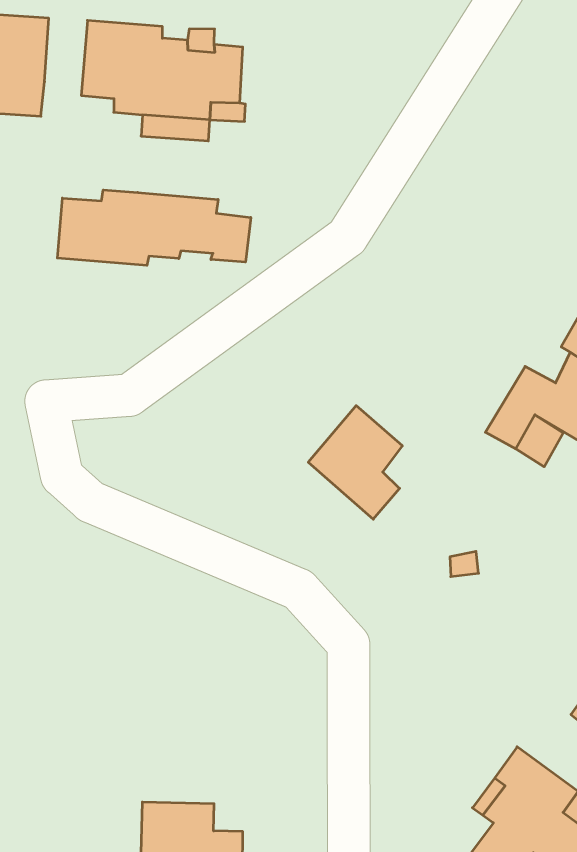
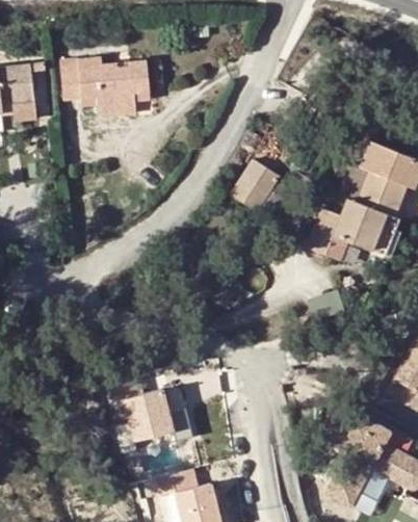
building: [57,190,251,265] -> none
building: [308,406,402,519] -> [233,161,284,220]
building: none -> [124,391,192,440]

